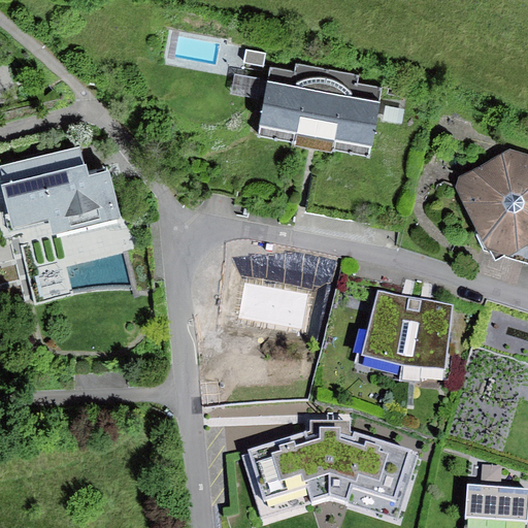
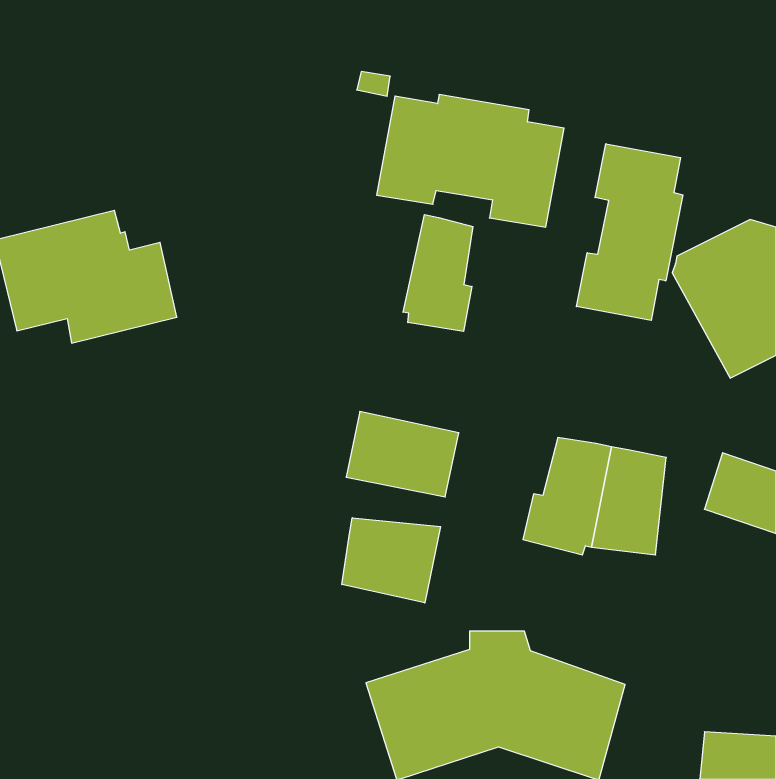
building: none -> [576,144,683,320]
building: none -> [403,215,473,331]
building: none -> [342,518,441,603]

